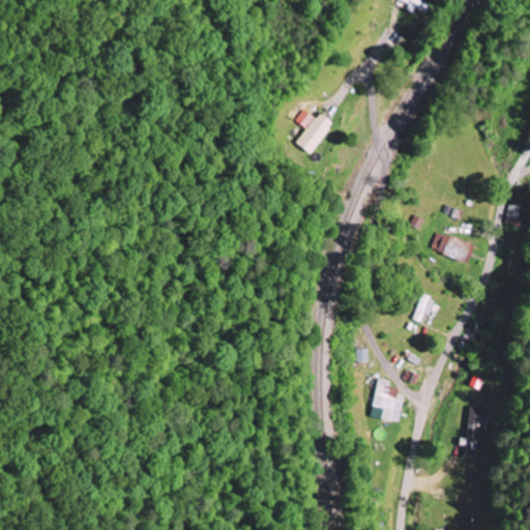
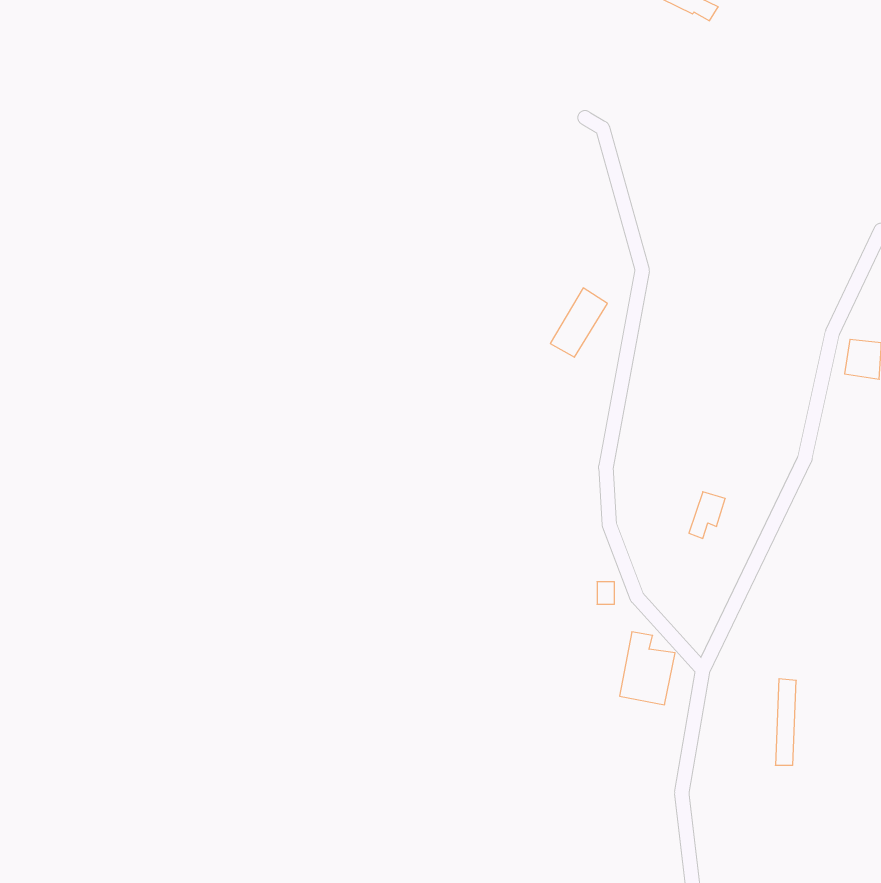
building: [297,112,331,153] -> [550,288,607,357]
building: [430,231,472,263] -> none

